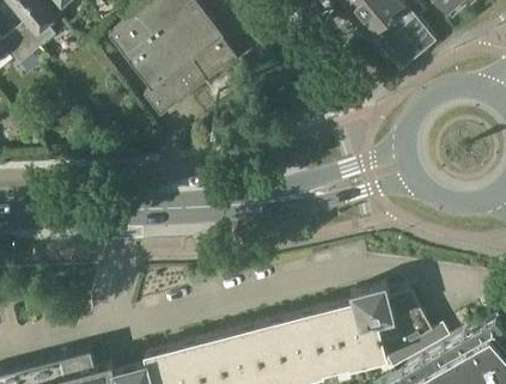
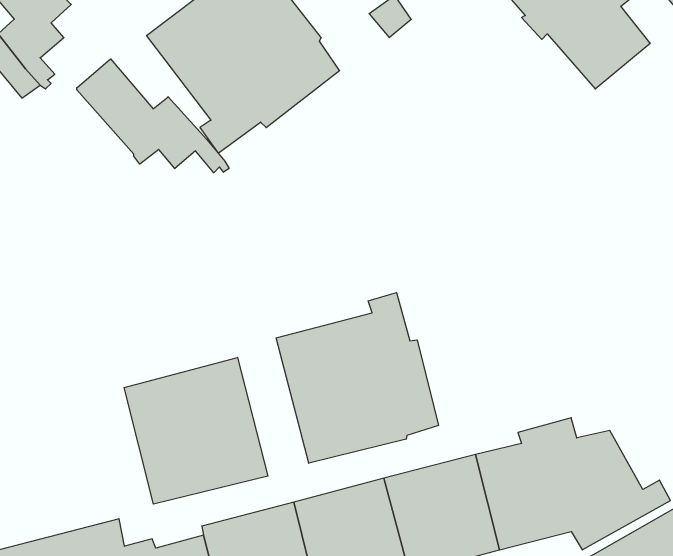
building: none -> [77,59,229,173]
building: none -> [276,293,439,463]
building: none -> [124,357,268,504]

